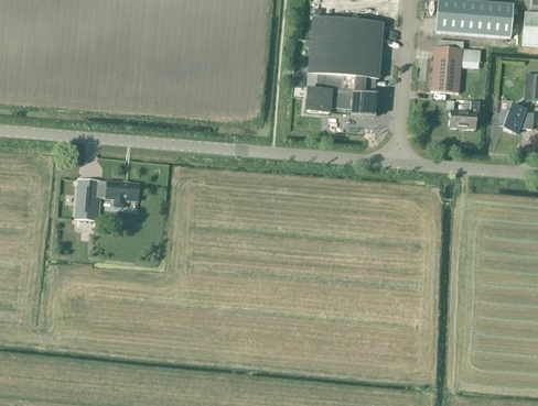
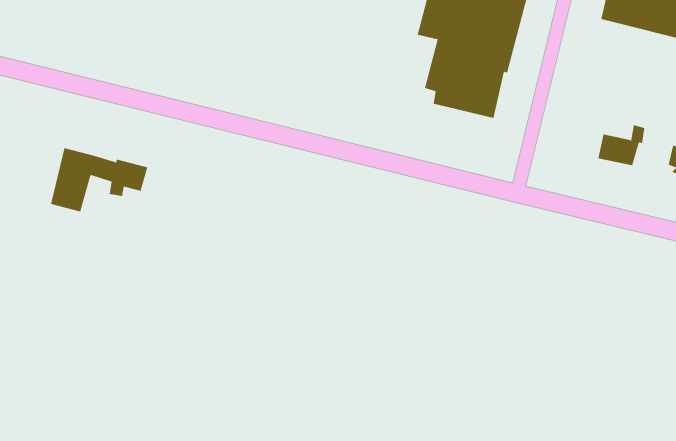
building: [431,45,462,91] -> none
building: [306,61,330,112] -> none

